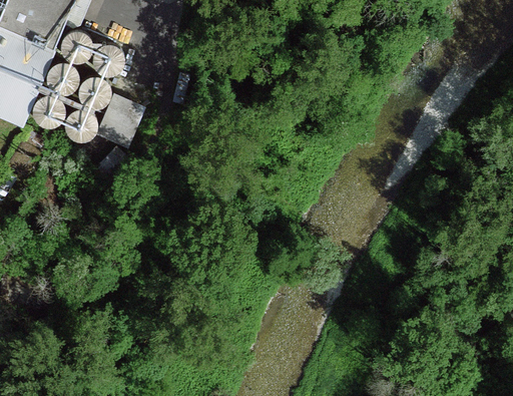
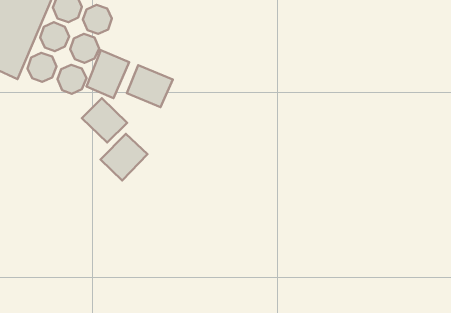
building: none -> [127,65,173,107]
building: none -> [100,134,147,181]

